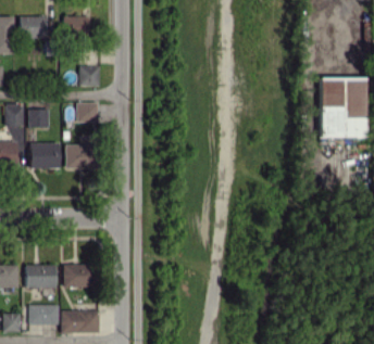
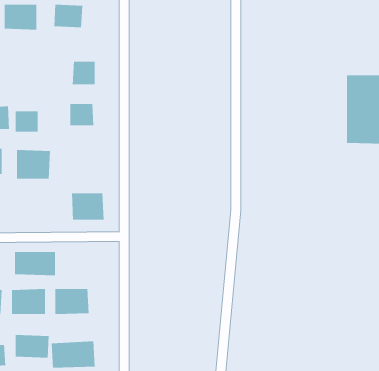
building: [65,144,95,168] -> [71,193,105,220]
building: none -> [14,251,56,276]

